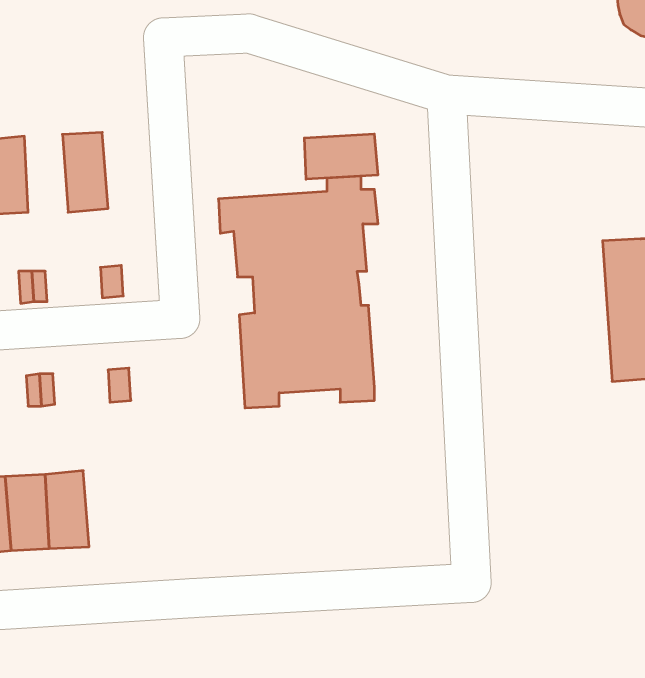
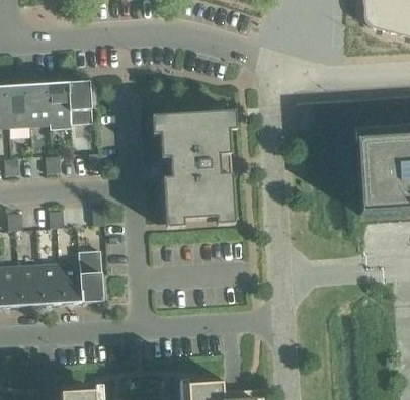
building: [304,134,378,179] -> none
building: none -> [48,81,71,127]
building: none -> [78,248,103,301]

